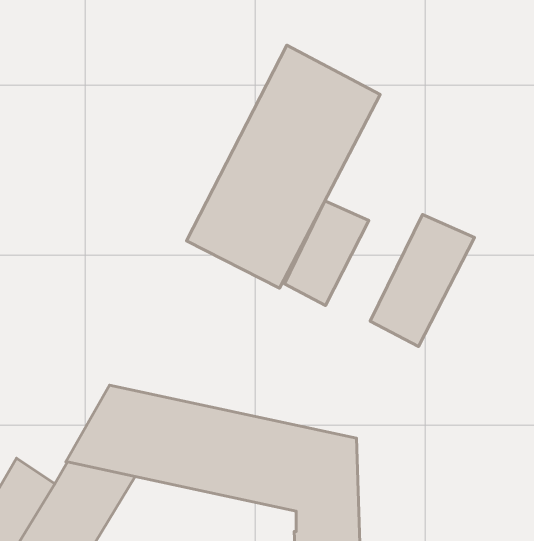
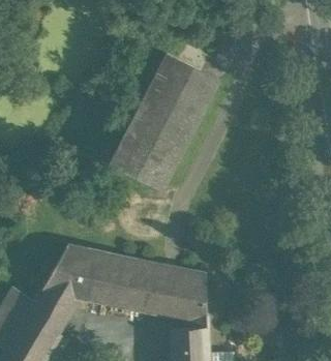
building: [284,201,369,305] -> none
building: [370,215,475,347] -> none

